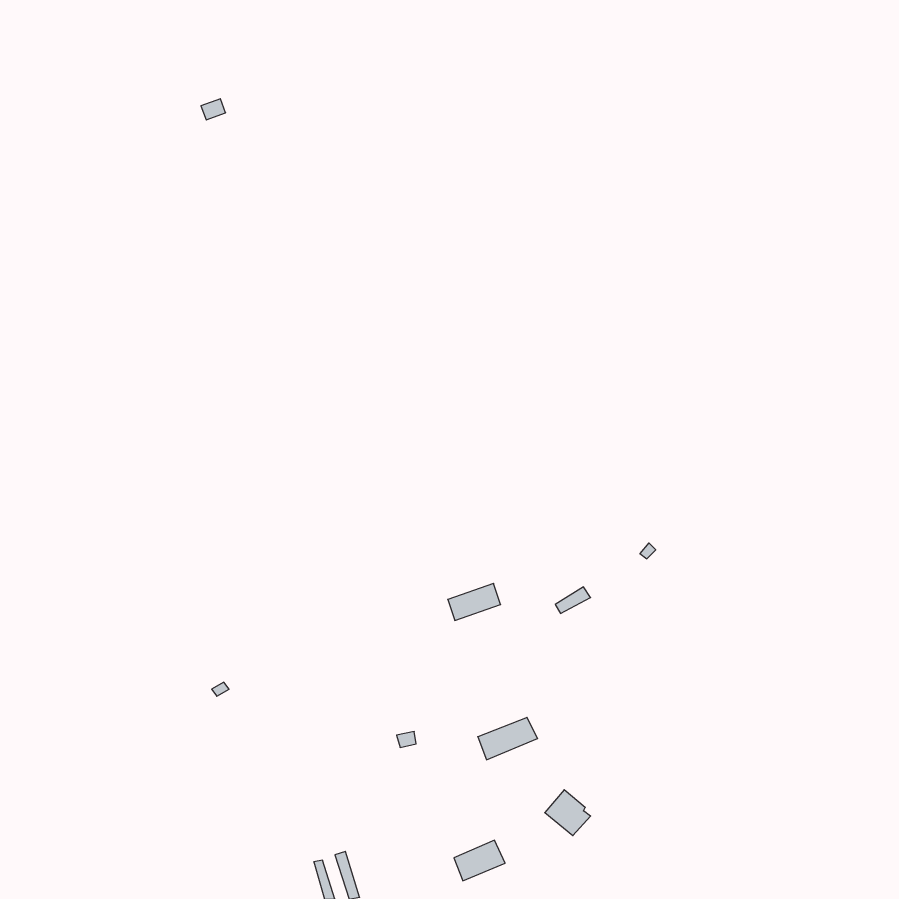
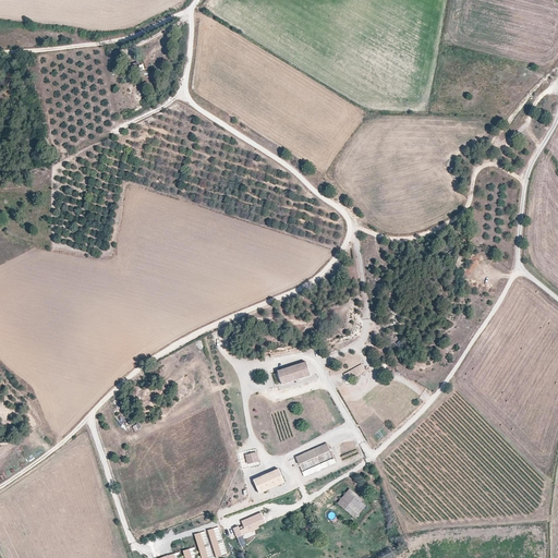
building: [454,840,505,881] -> [253,468,284,493]

